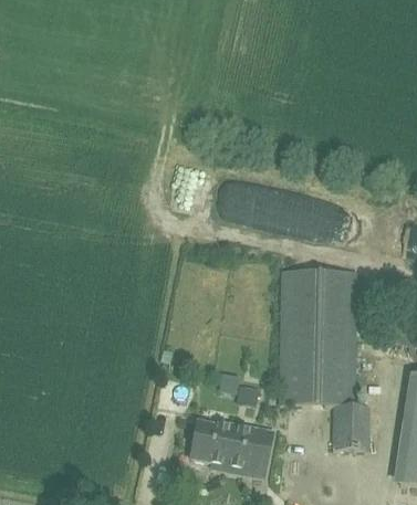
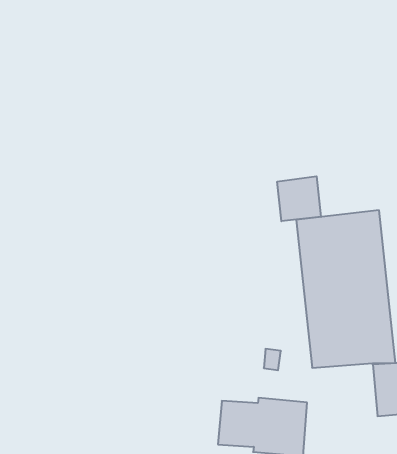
building: none -> [277,176,321,221]

